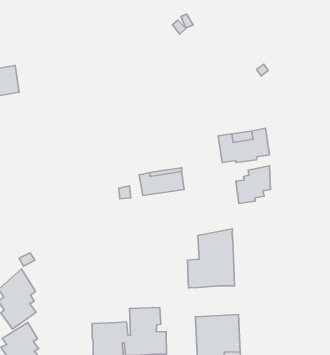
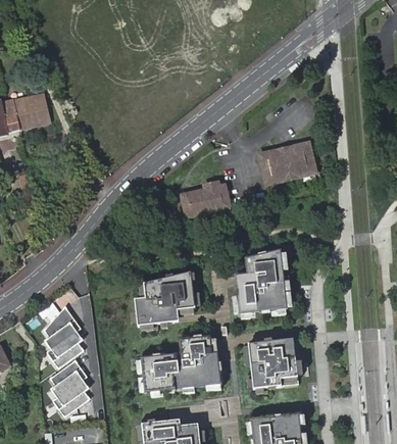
building: [236,166,271,204] -> none
building: none -> [135,272,196,326]

